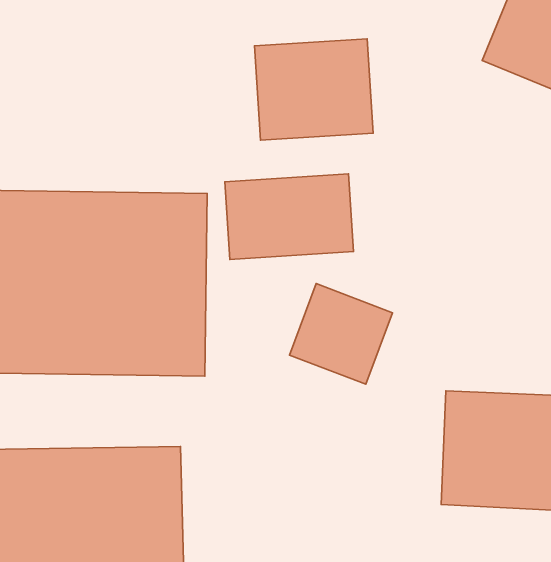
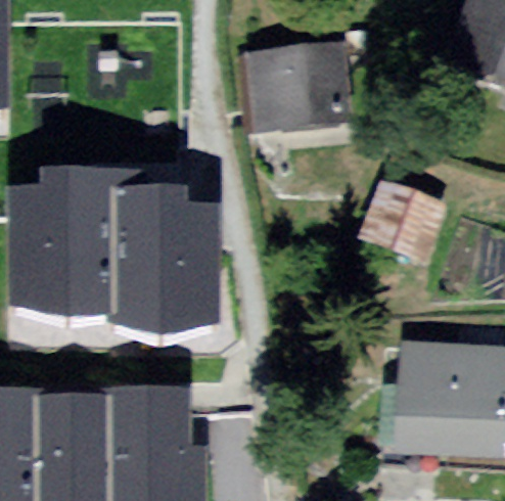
building: [225,174,354,259] -> none
building: [289,284,392,384] -> [360,180,447,265]

